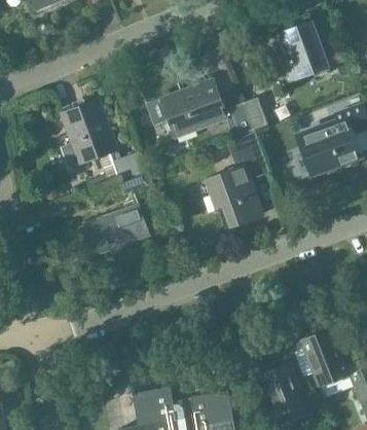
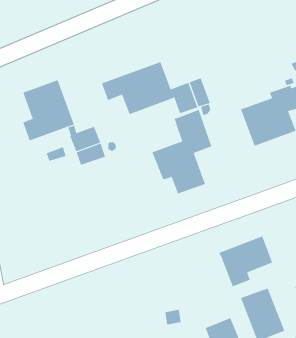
building: [278,22,329,83] -> none
building: [83,205,148,254] -> none
building: none -> [218,236,273,287]

